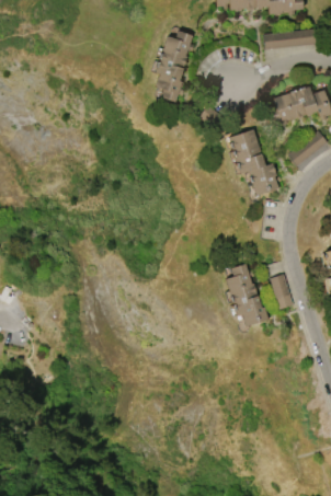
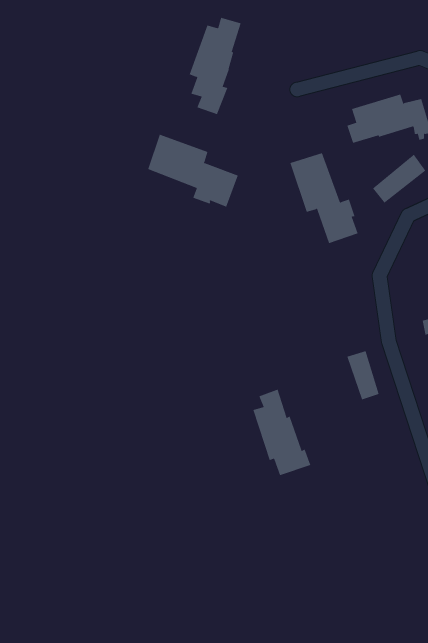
building: [262,28,315,49] -> none
building: none -> [147,134,239,207]
building: [225,263,267,326] -> [252,389,311,476]

